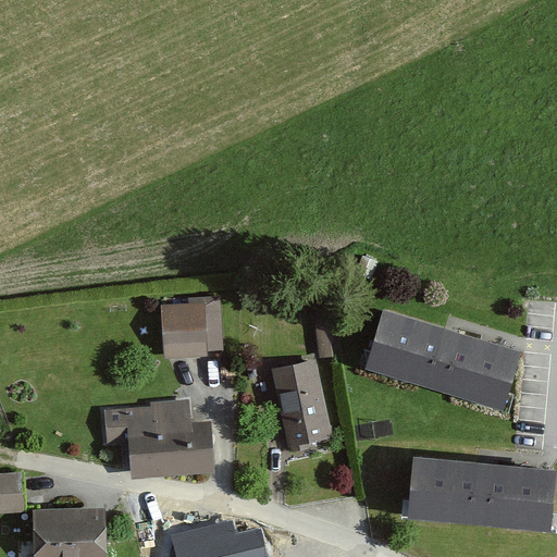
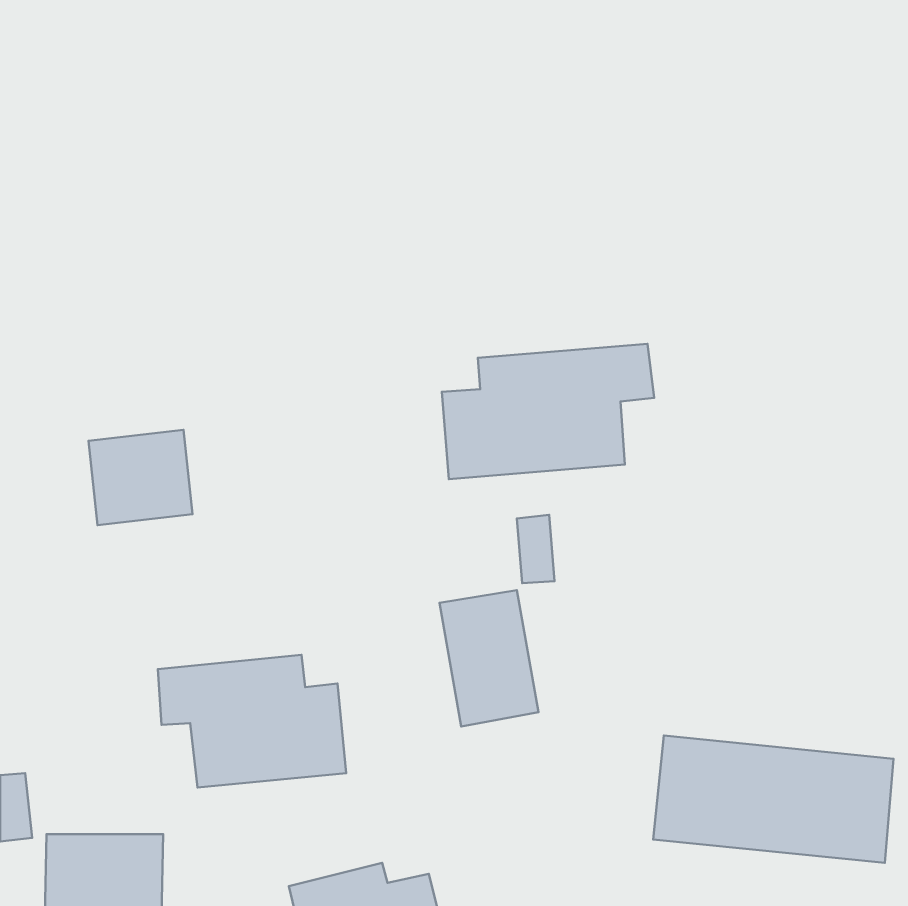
building: none -> [442,344,654,479]
building: [162,300,225,358] -> [89,430,193,525]
building: [357,305,517,409] -> none

